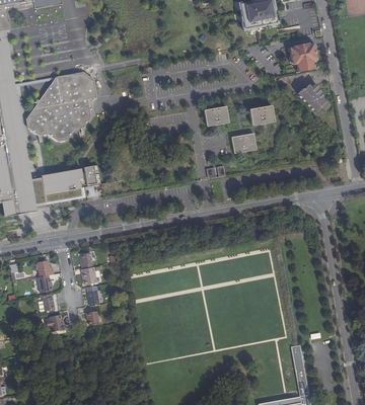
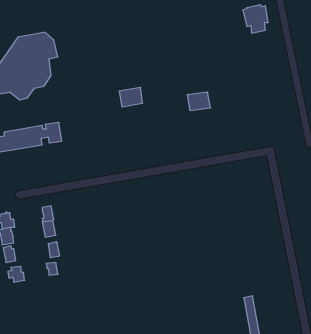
building: [297,85,324,112] -> none
building: [204,106,228,127] -> [119,87,143,107]
building: [249,106,274,126] -> none

